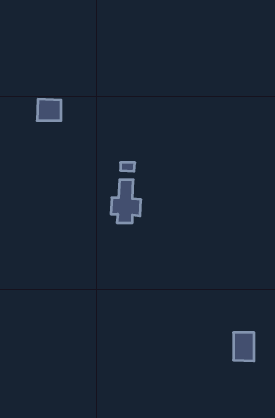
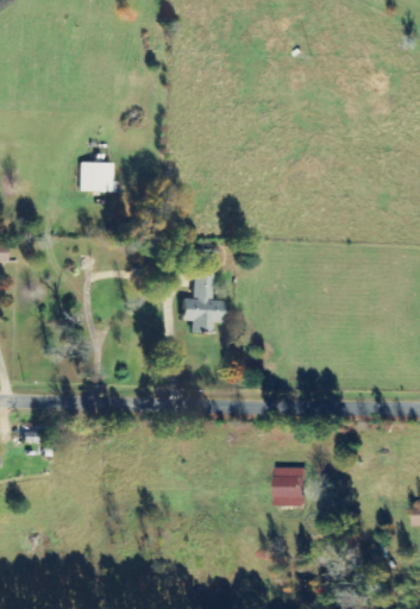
building: [233,333,254,361] -> [278,466,307,506]

